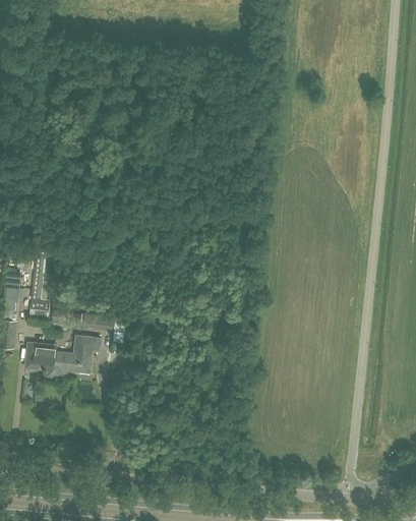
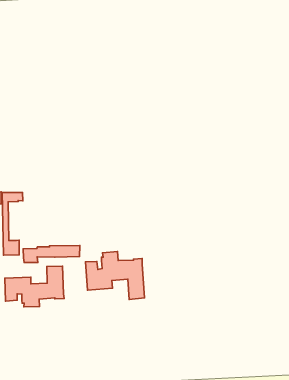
building: none -> [85,251,144,299]

